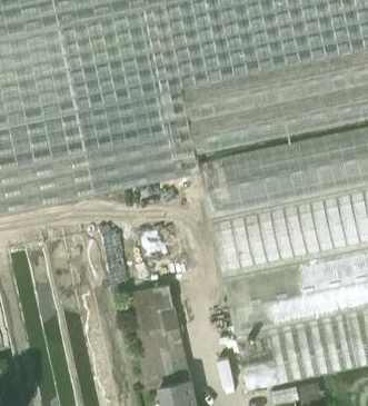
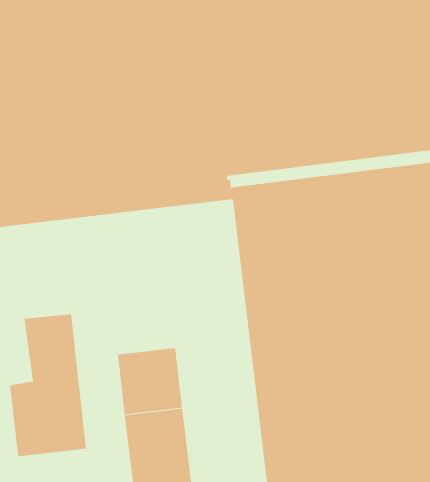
building: none -> [9,313,87,457]

